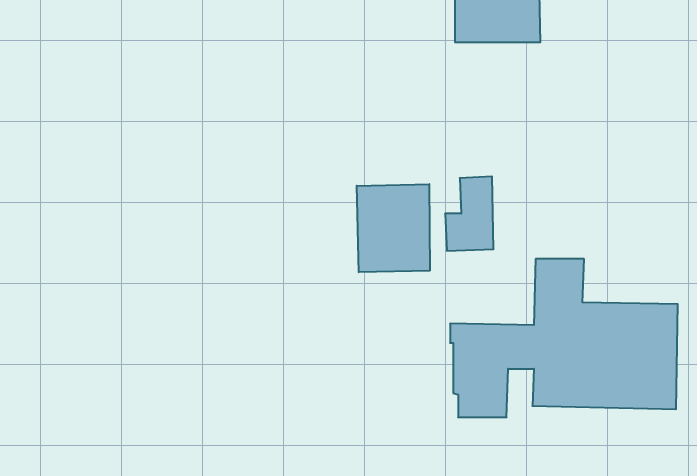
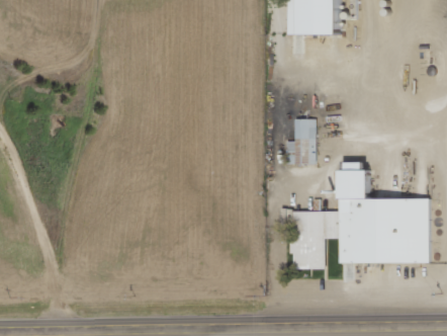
building: [357,184,430,272] -> none

